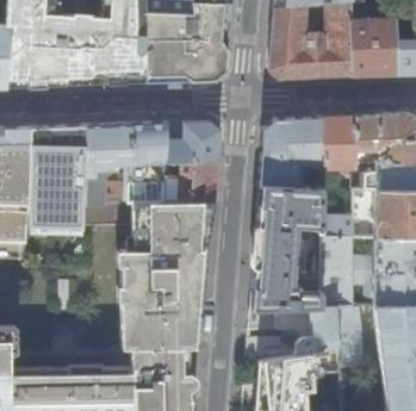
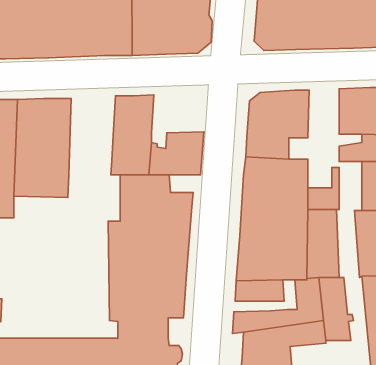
building: [322,117,353,194] -> none
building: [166,122,221,161] -> none
building: [83,124,130,203] -> none

